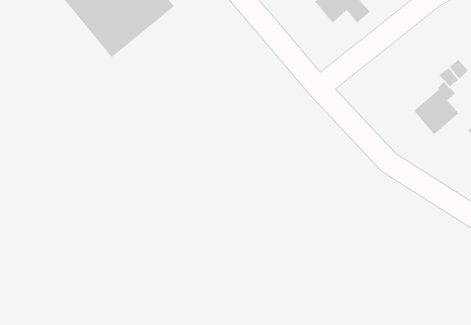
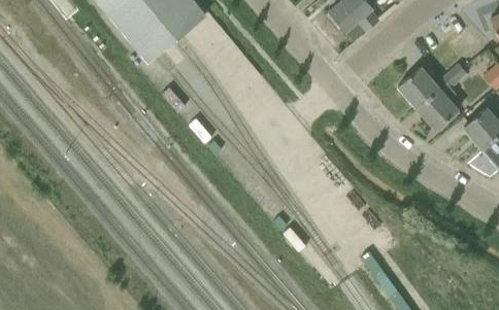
building: none -> [399,68,440,109]

